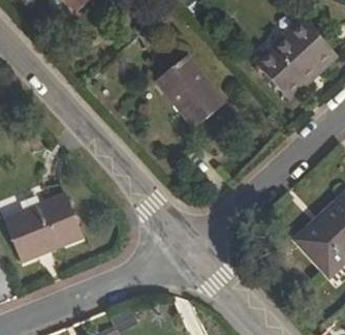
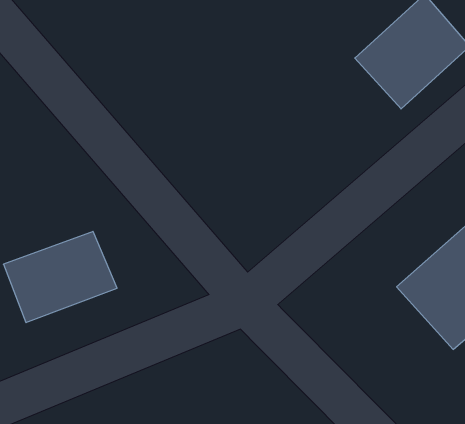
building: [152,65,222,138] -> none

